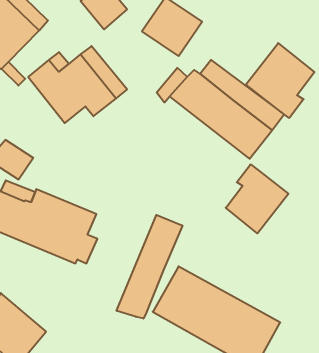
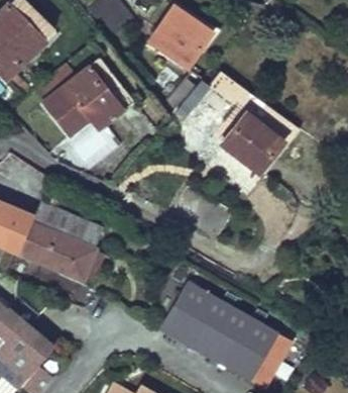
building: [246,43,314,118] -> none
building: [226,165,288,233] -> none
building: [117,215,182,319] -> none

